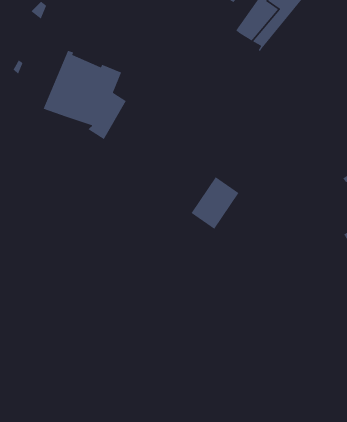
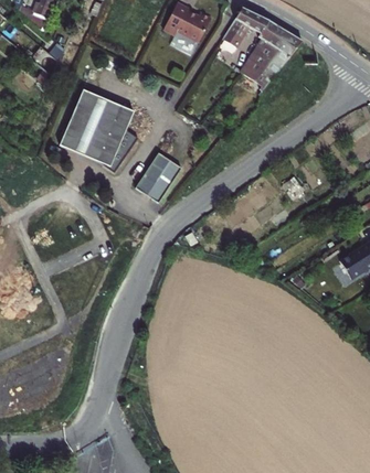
building: [191,176,239,230] -> [136,152,181,202]

